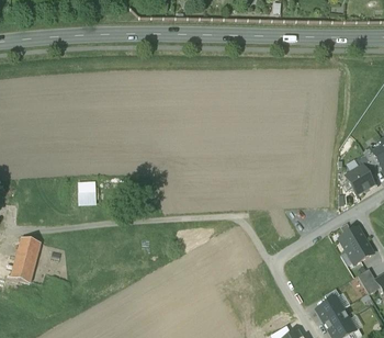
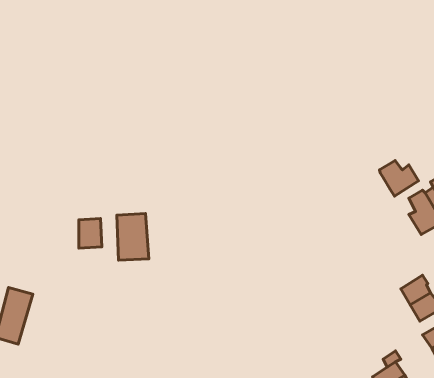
building: none -> [380,160,419,196]
building: none -> [117,214,149,260]

